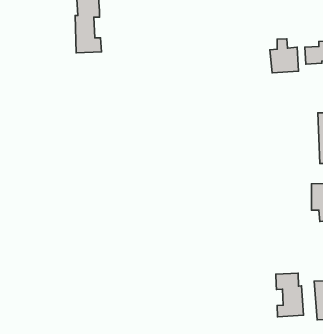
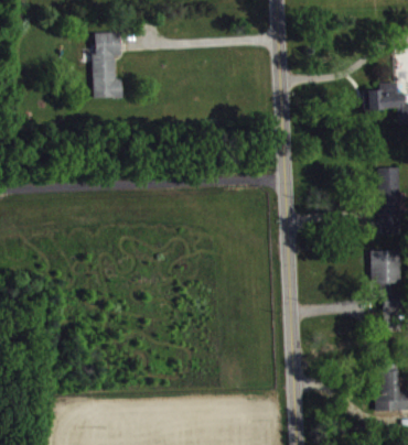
building: [270,39,299,73] -> none
building: [276,273,304,317] -> none

